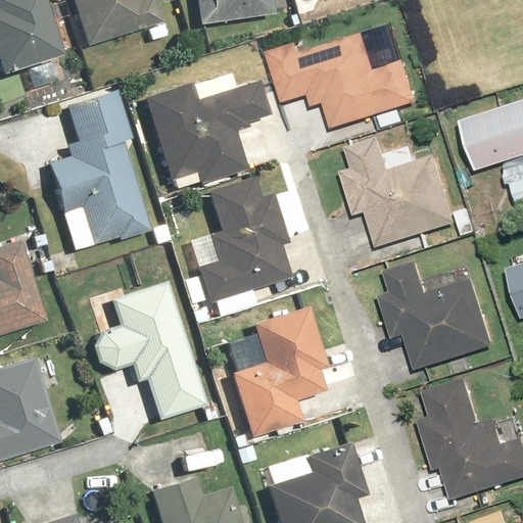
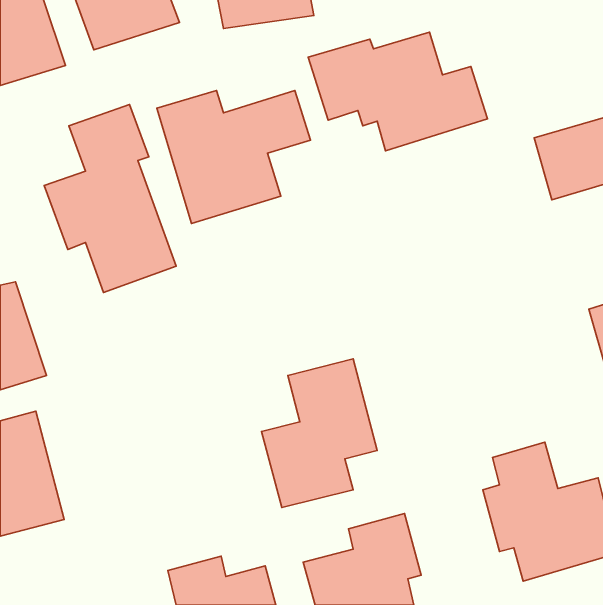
building: [343,134,461,246] -> none
building: [180,174,288,306] -> none
building: [383,258,500,370] -> none
building: [89,281,202,421] -> none

